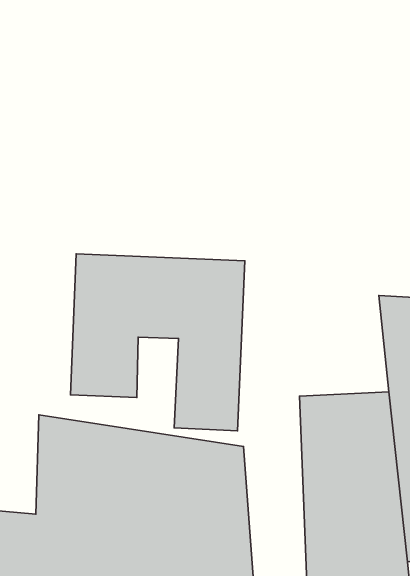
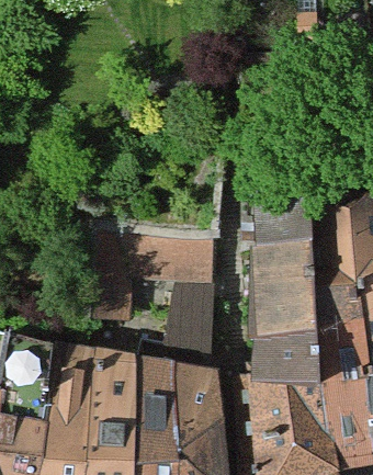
building: none -> [257,229,326,332]

